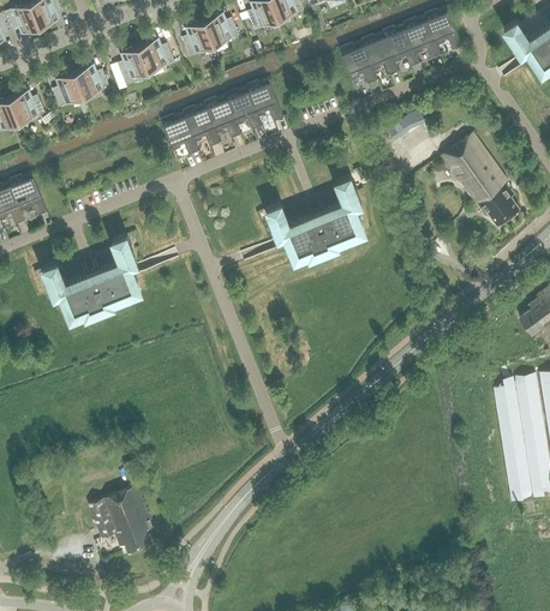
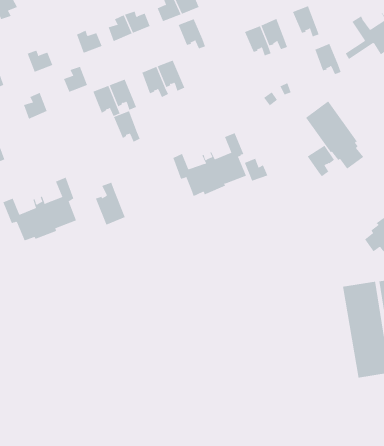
building: [405,17,441,59] -> [314,43,342,75]
building: [340,43,377,89] -> [178,18,206,53]
building: [116,47,149,82] -> [63,66,88,93]
building: [52,72,84,108] -> [23,92,48,119]
building: [204,97,240,139] -> [113,111,141,142]
building: none -> [307,145,335,177]
building: none -> [244,158,268,182]
building: none -> [95,182,126,226]
building: [88,459,154,553] -> none

